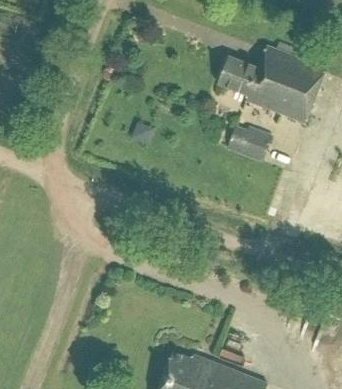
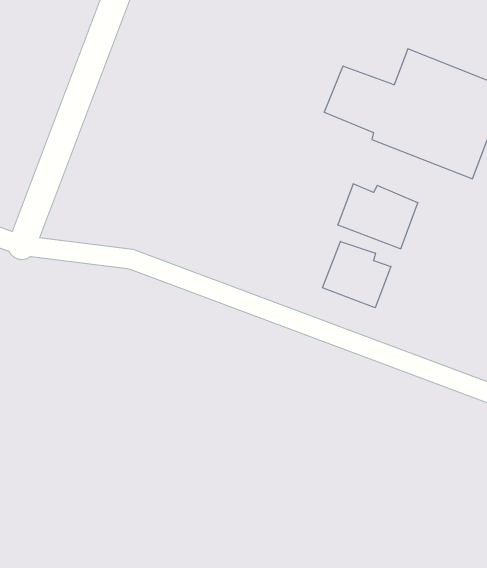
building: none -> [322,241,391,308]

